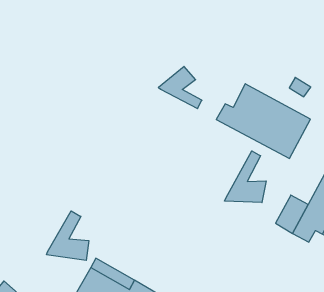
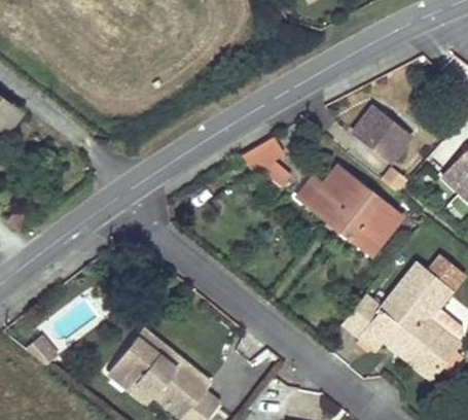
building: none -> [354,107,410,162]
building: [225,151,266,203] -> none
building: [47,211,89,260] -> none

